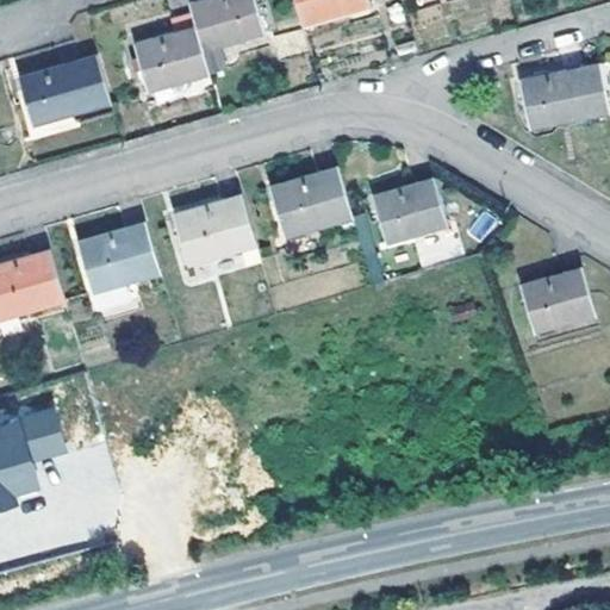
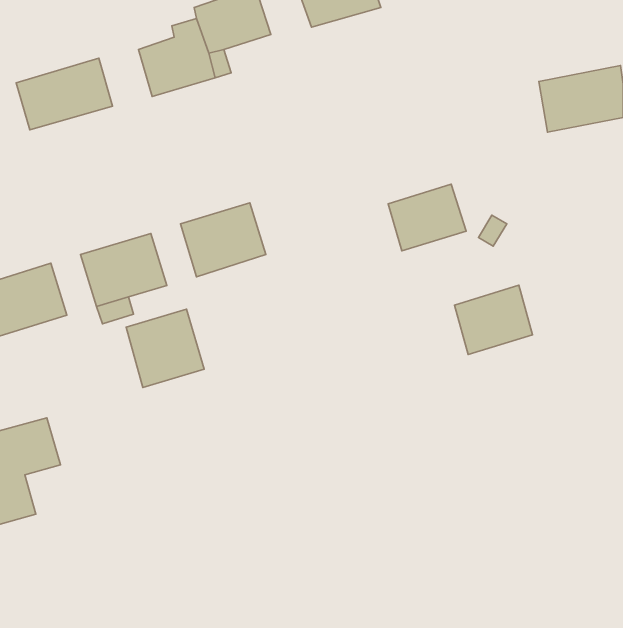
building: [270,167,351,237] -> none
building: [517,264,592,331] -> [454,285,532,355]
building: none -> [126,309,204,388]

